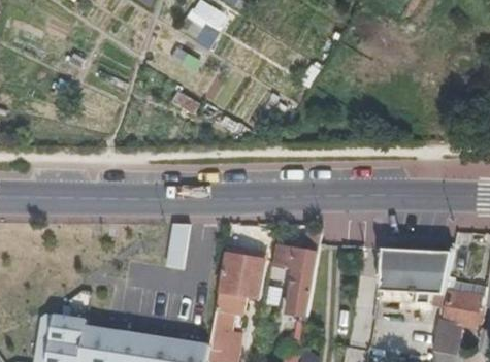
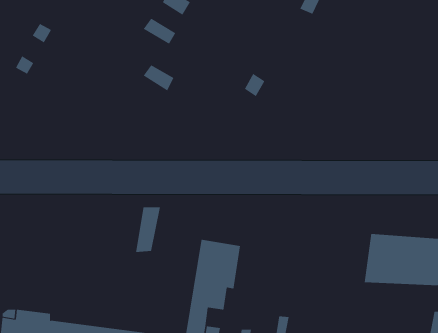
building: [272,235,321,317] -> none

